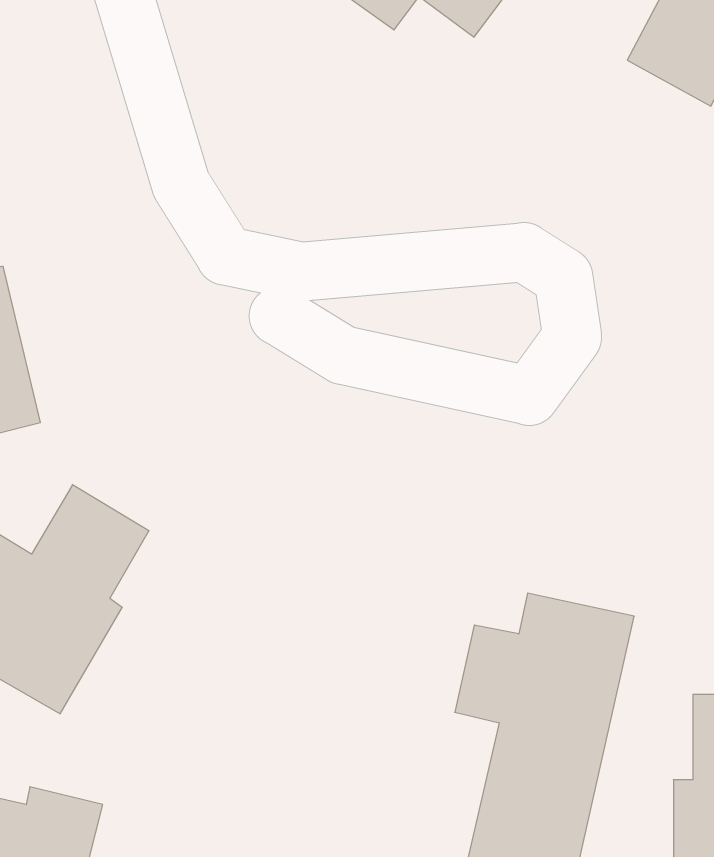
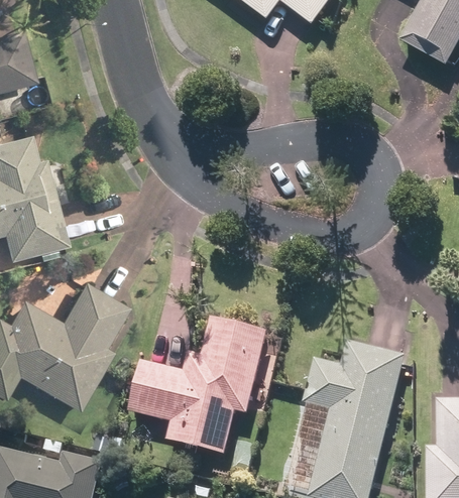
building: none -> [128,317,269,455]

